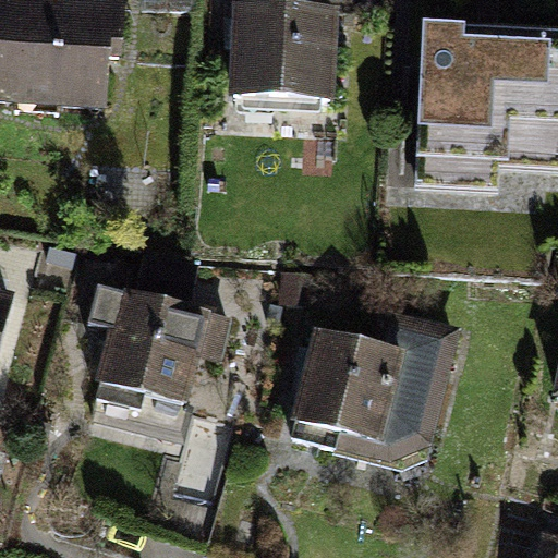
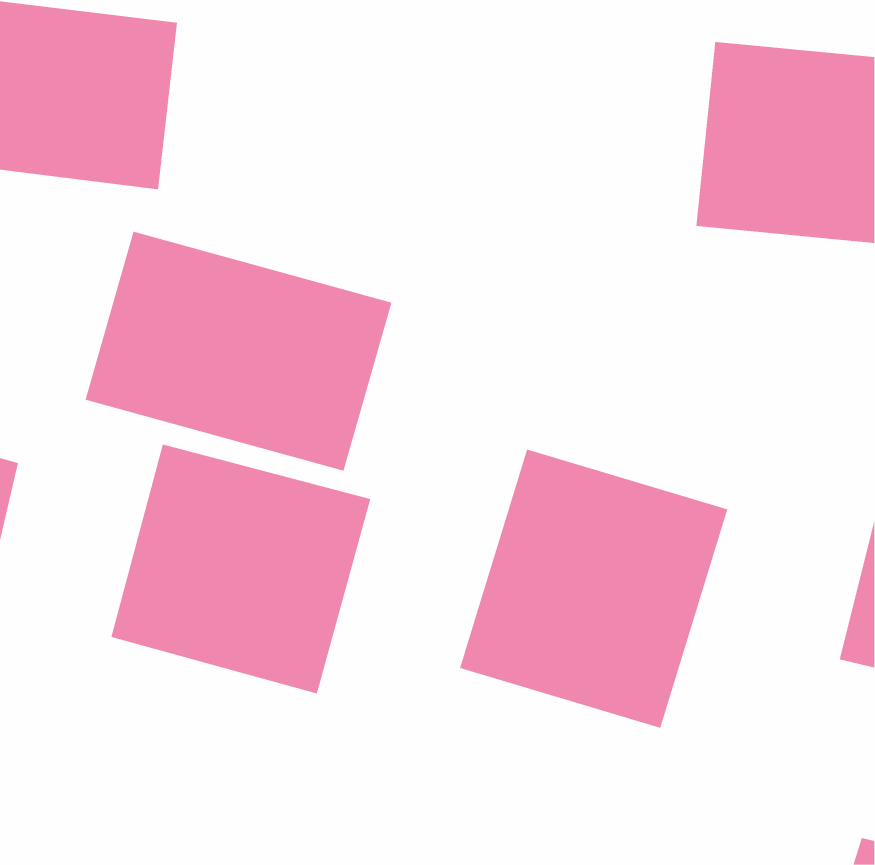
building: [206,12,324,124] -> none
building: none -> [85,231,392,471]

